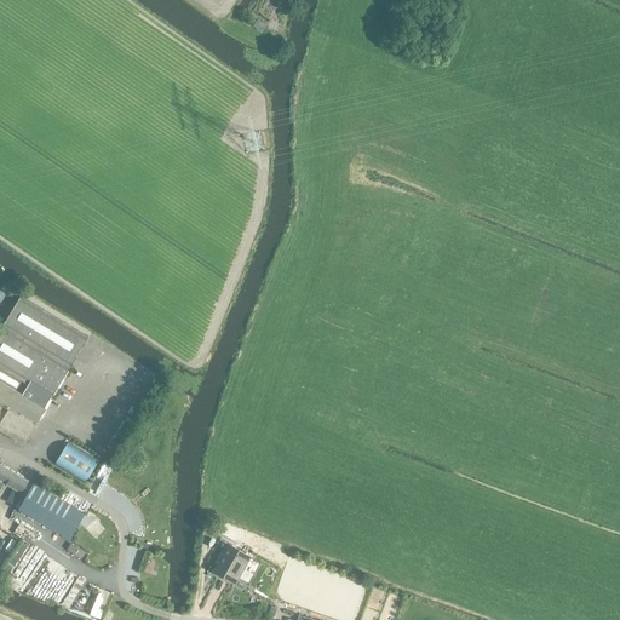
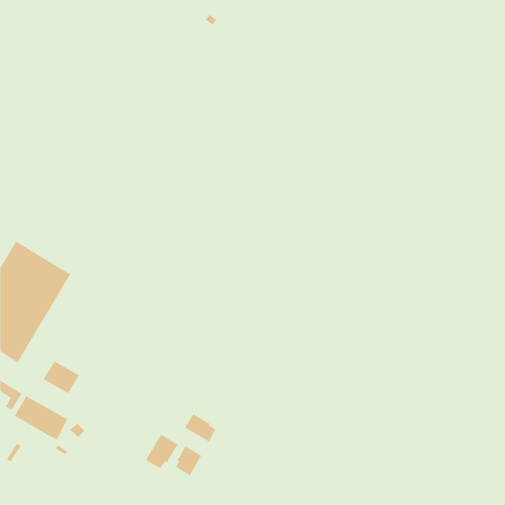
building: none -> [184,413,216,443]
building: none -> [145,434,179,469]

